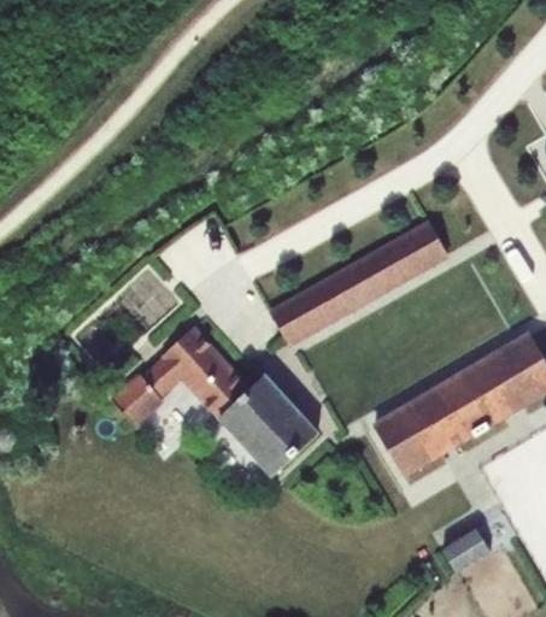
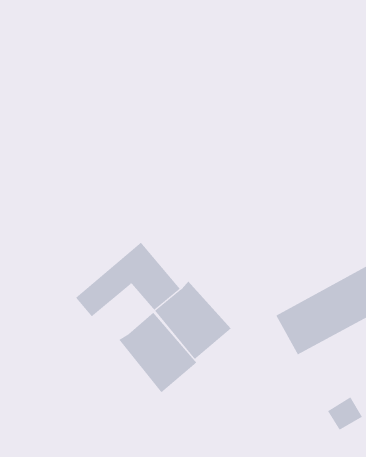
building: [269,219,451,346] -> none
building: none -> [119,312,197,393]

